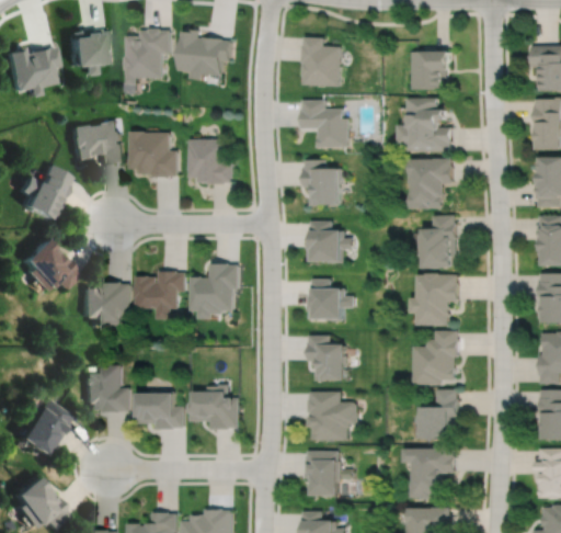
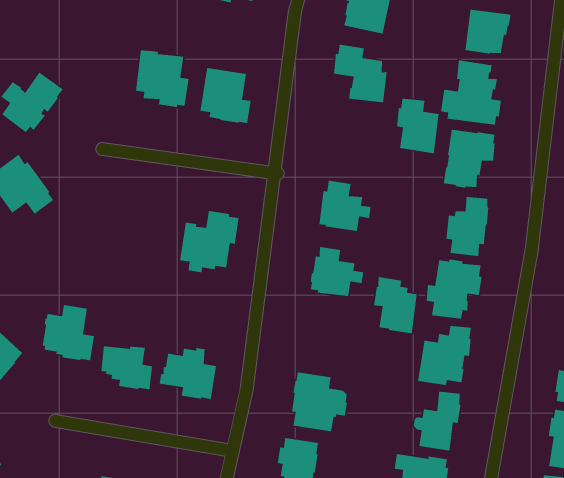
building: [67,120,122,167] -> none
building: [304,159,342,205] -> [396,98,440,154]
building: [135,271,185,320] -> none
building: [79,282,130,331] -> none
building: [309,336,347,382] -> [373,276,418,334]

